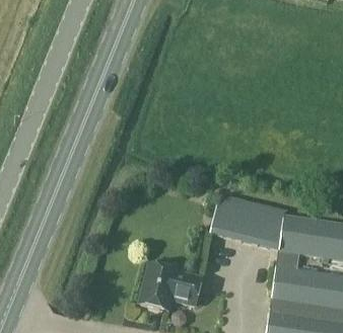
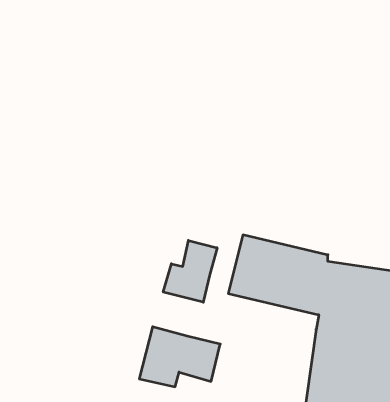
building: none -> [163,240,217,302]

